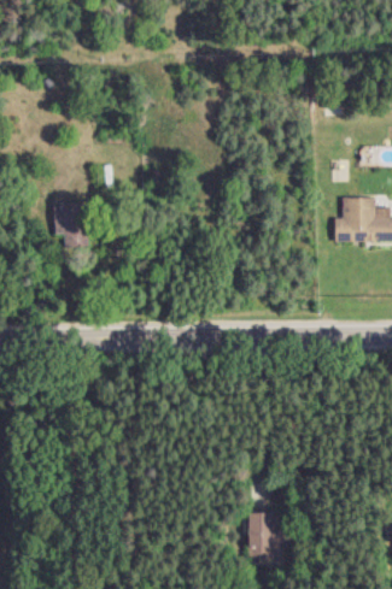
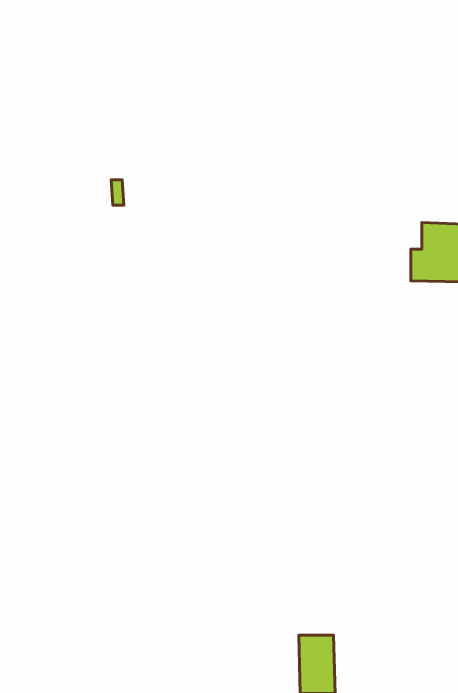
building: [53,201,86,246] -> none

